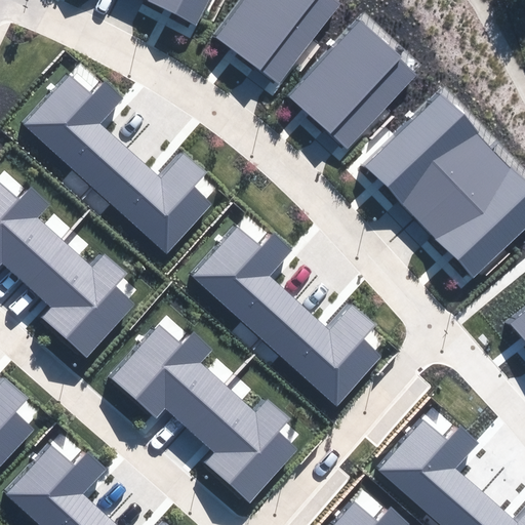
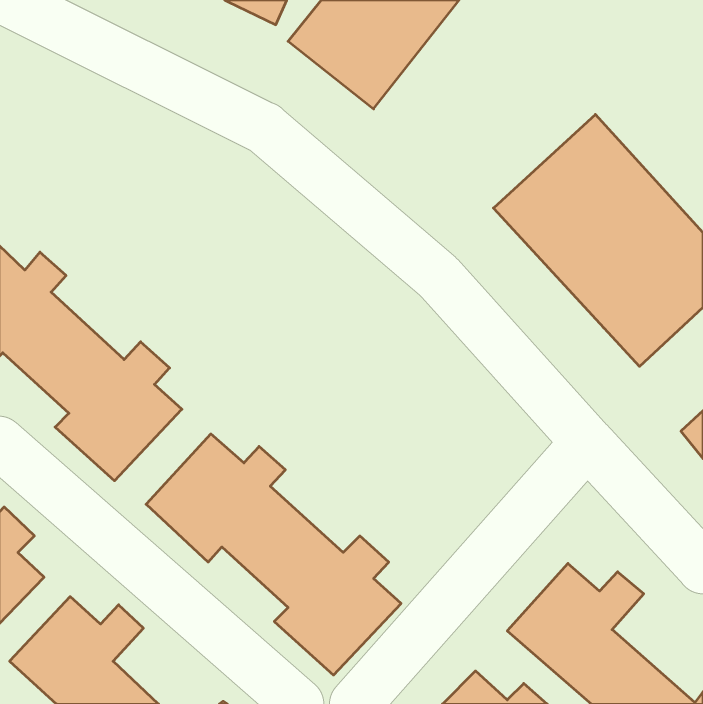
building: [286,25,418,158] -> none
building: [23,75,211,254] -> none
building: [192,227,380,406] -> none

